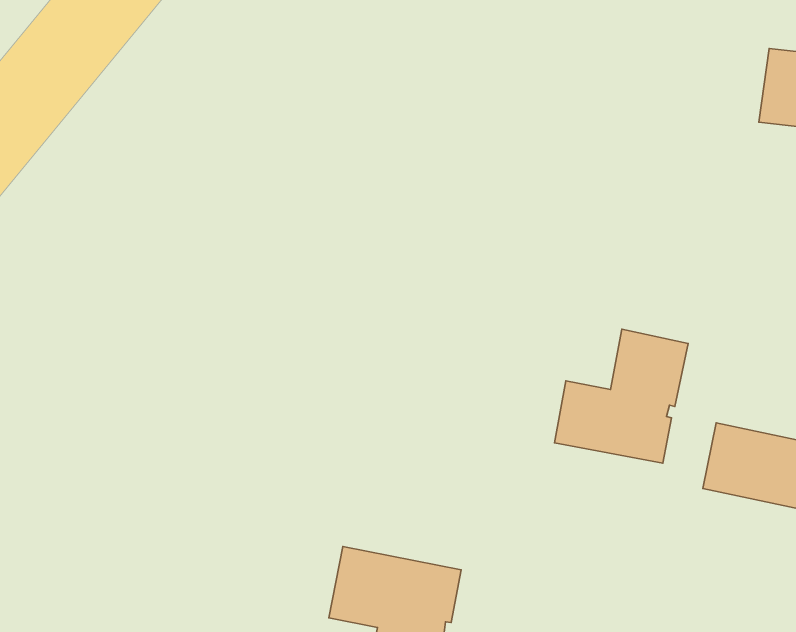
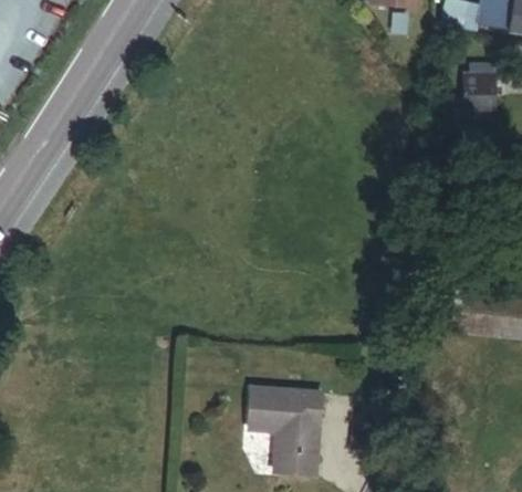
building: [555,329,688,463] -> none

